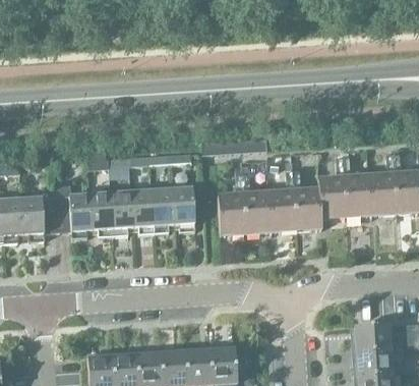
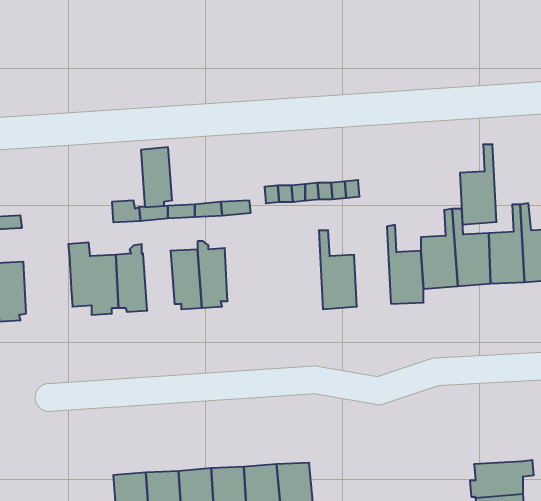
building: [267,171,295,231] -> [460,144,497,225]
building: [217,174,244,234] -> none
building: [171,185,194,230] -> none
building: [110,189,133,234] -> [141,147,172,207]
building: [20,195,57,240] -> none
building: [355,323,393,349] -> none

